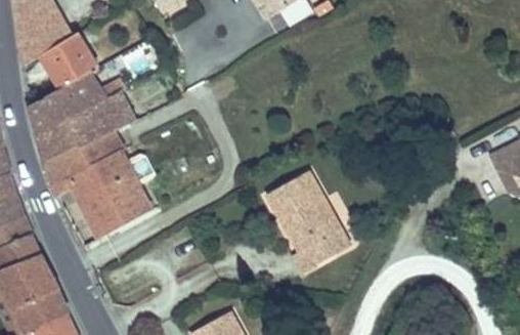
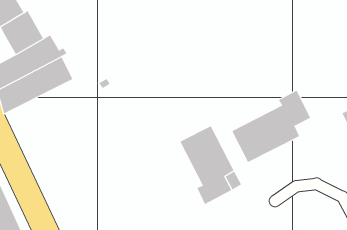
building: [46,128,154,237] -> none
building: none -> [231,90,311,163]

